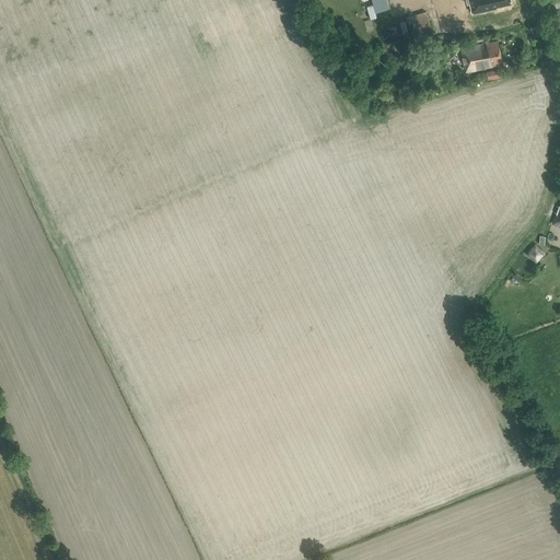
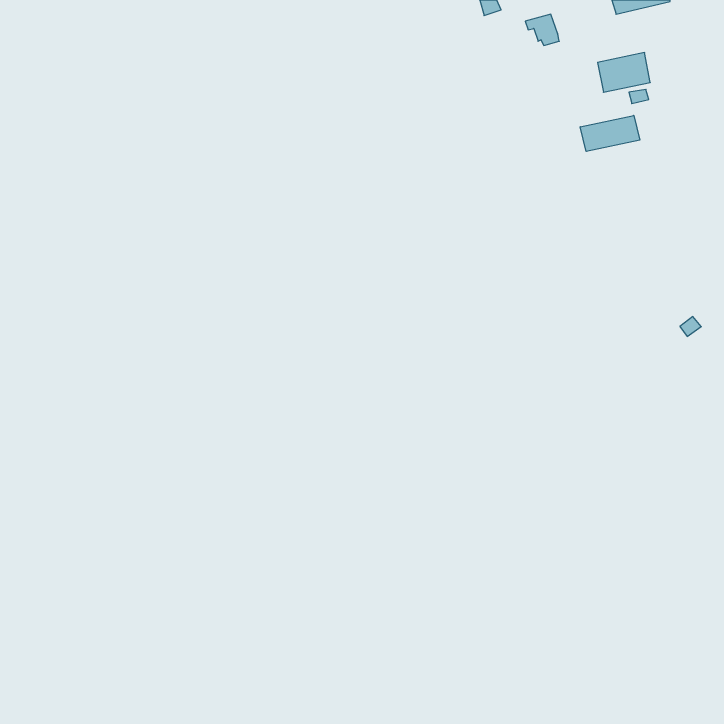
building: none -> [580,115,640,151]

